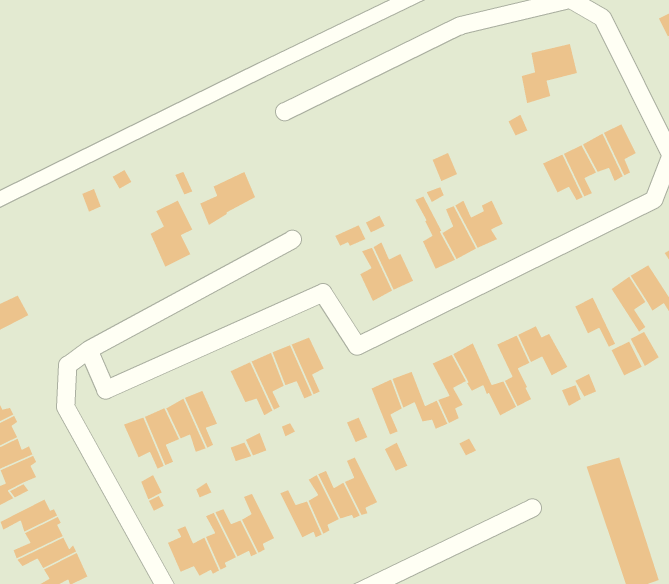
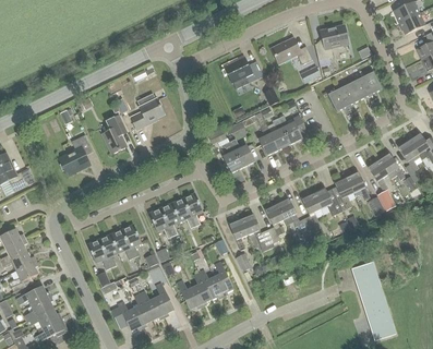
building: none -> [270,38,313,64]
building: none -> [225,58,263,88]
building: none -> [59,134,93,174]
building: none -> [332,176,353,210]

